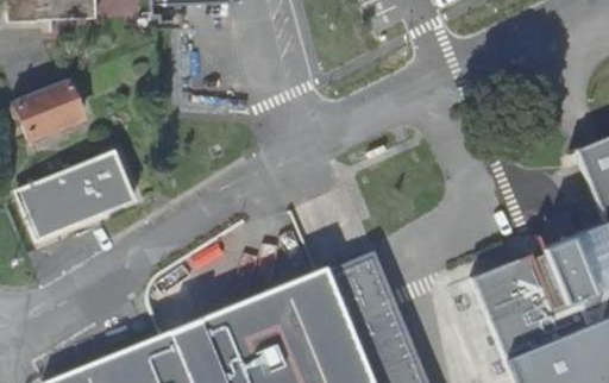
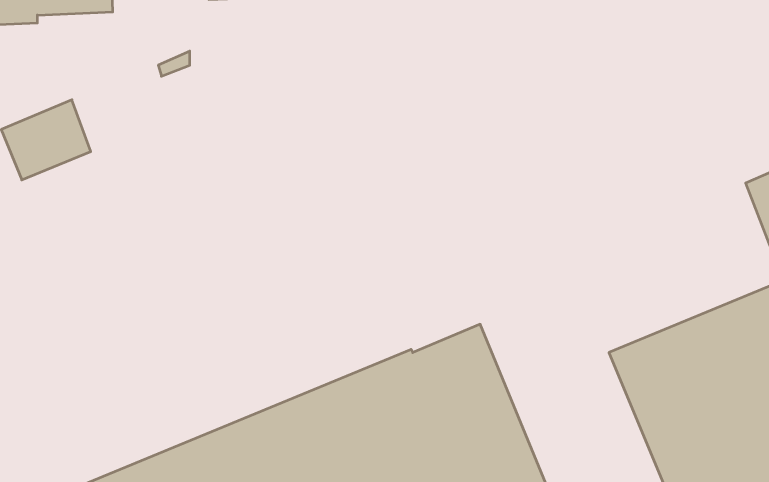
building: [20,150,134,239] -> none

